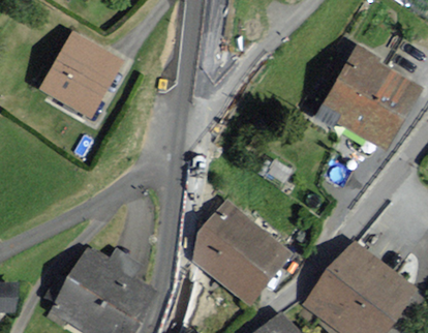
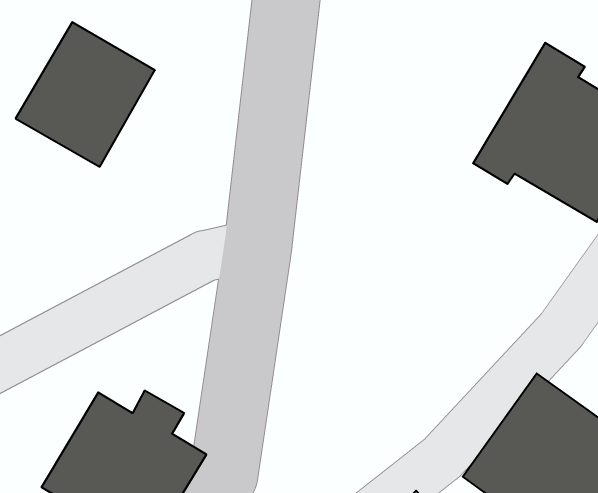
building: [190,202,305,305] -> none

